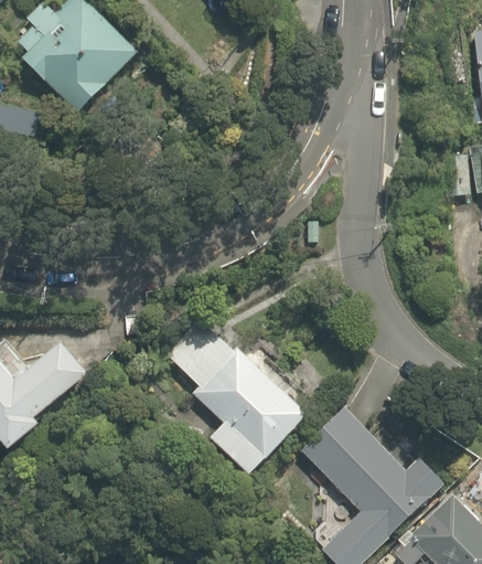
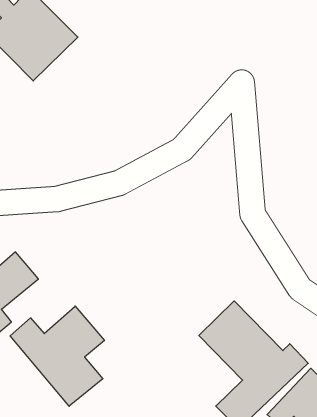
building: [165,319,315,479] -> none
building: none -> [10,306,104,406]

